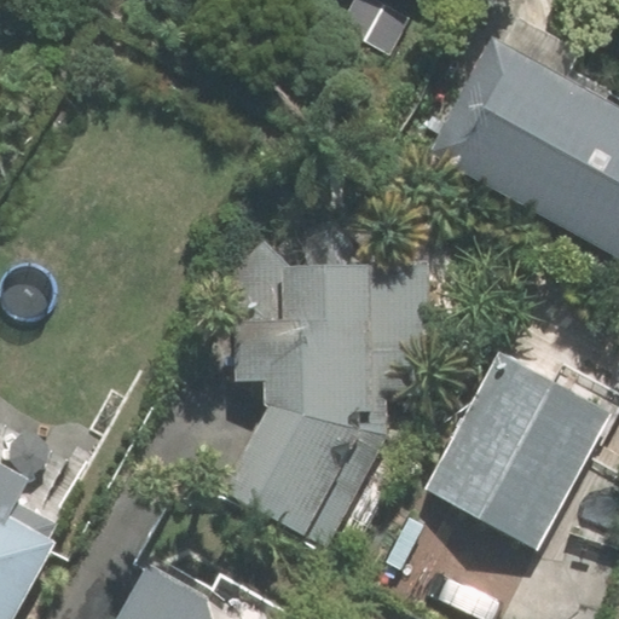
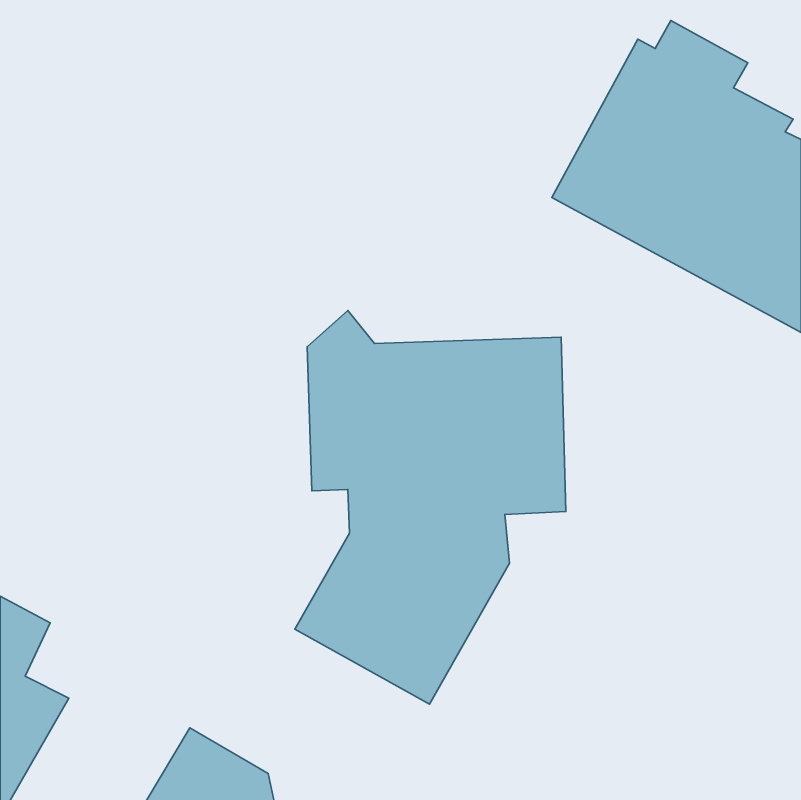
building: [424,352,607,548] -> none

